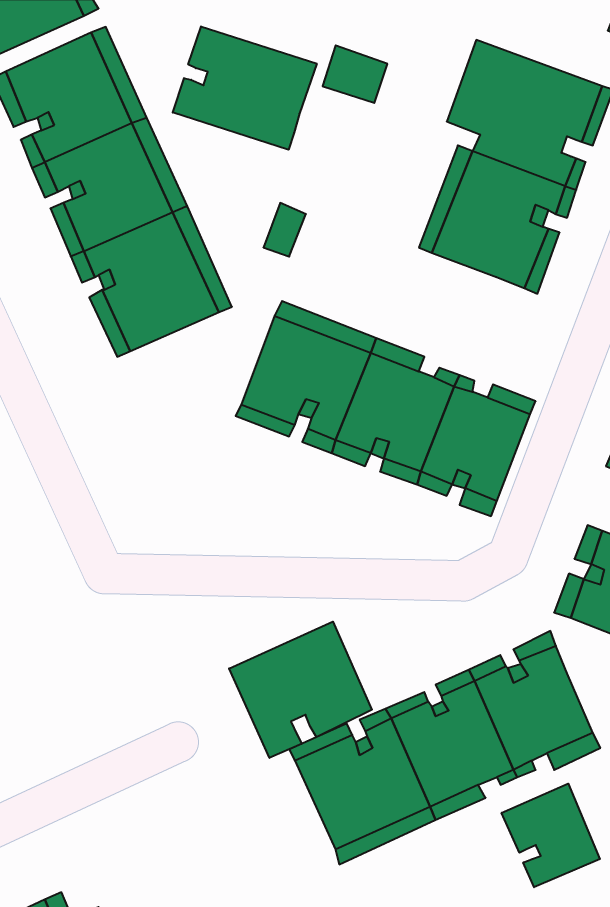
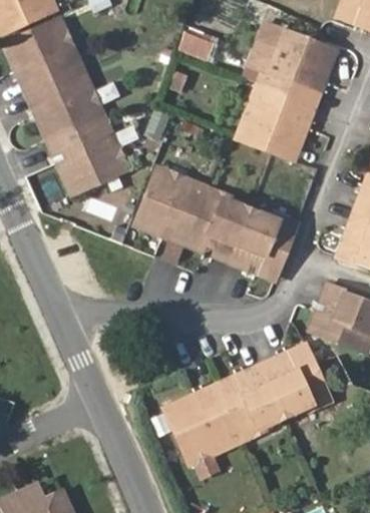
building: [173,26,317,150] -> none
building: [229,622,372,758] -> none
building: [502,784,600,887] -> none

